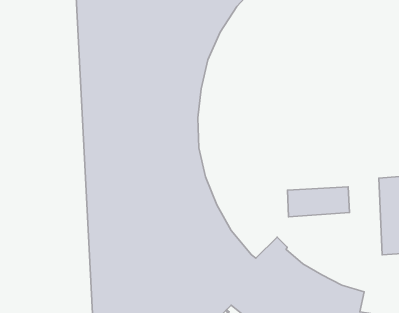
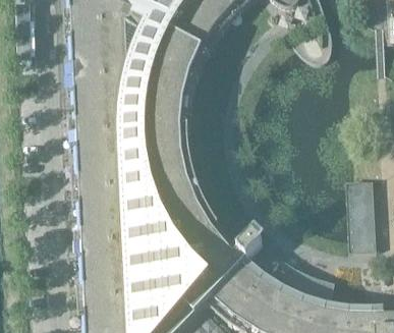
building: [287,187,349,217] -> none

